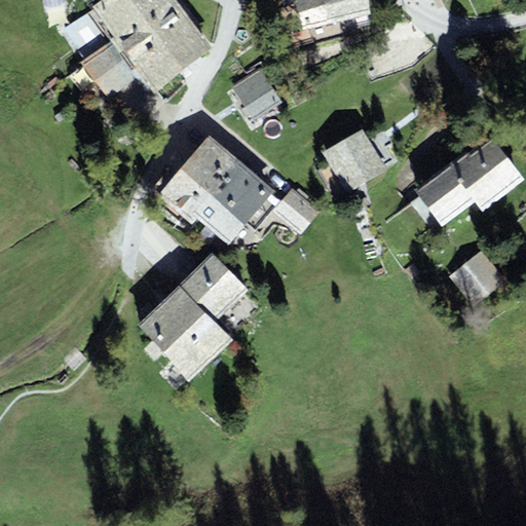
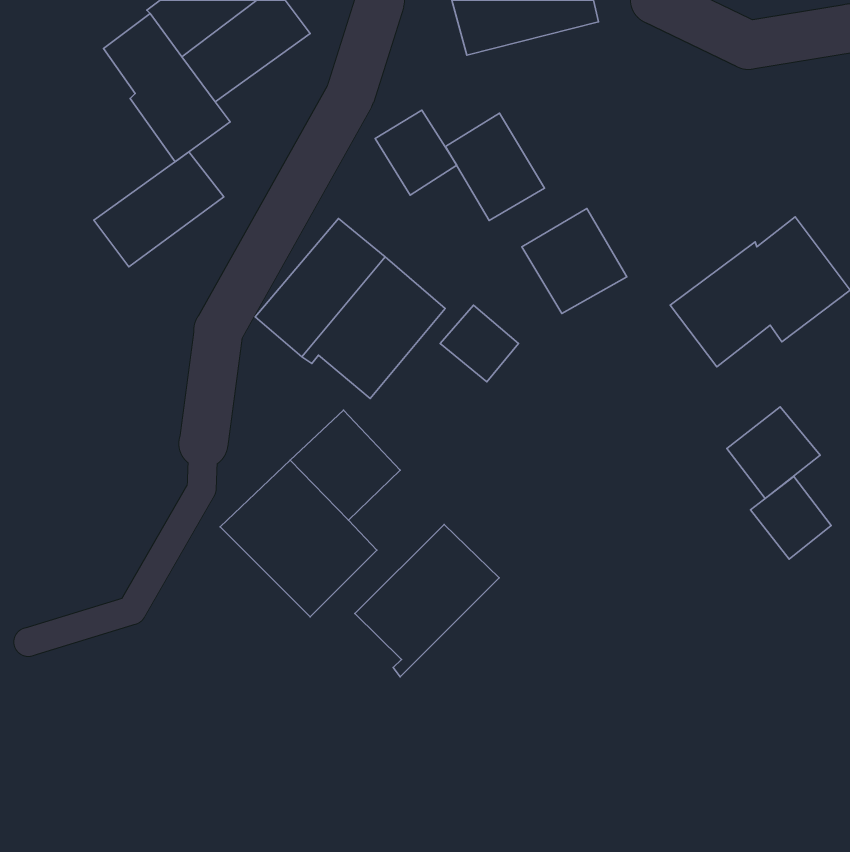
building: [133,21,213,91] -> [94,152,224,267]
building: none -> [446,113,545,220]
building: none -> [750,477,831,559]
building: none -> [355,524,499,677]

